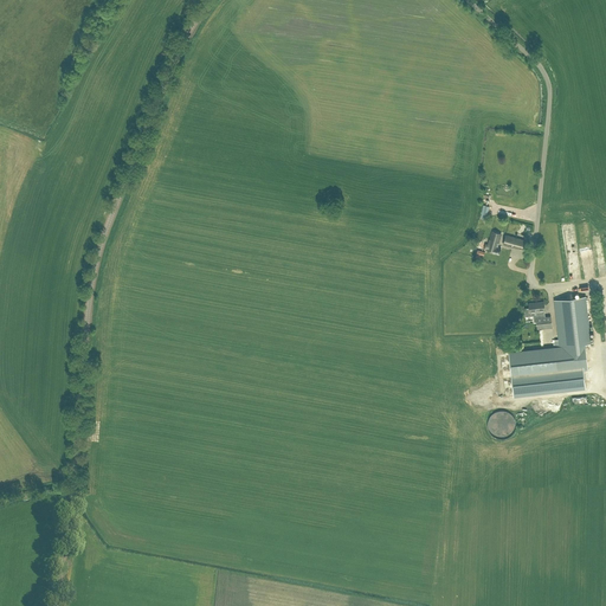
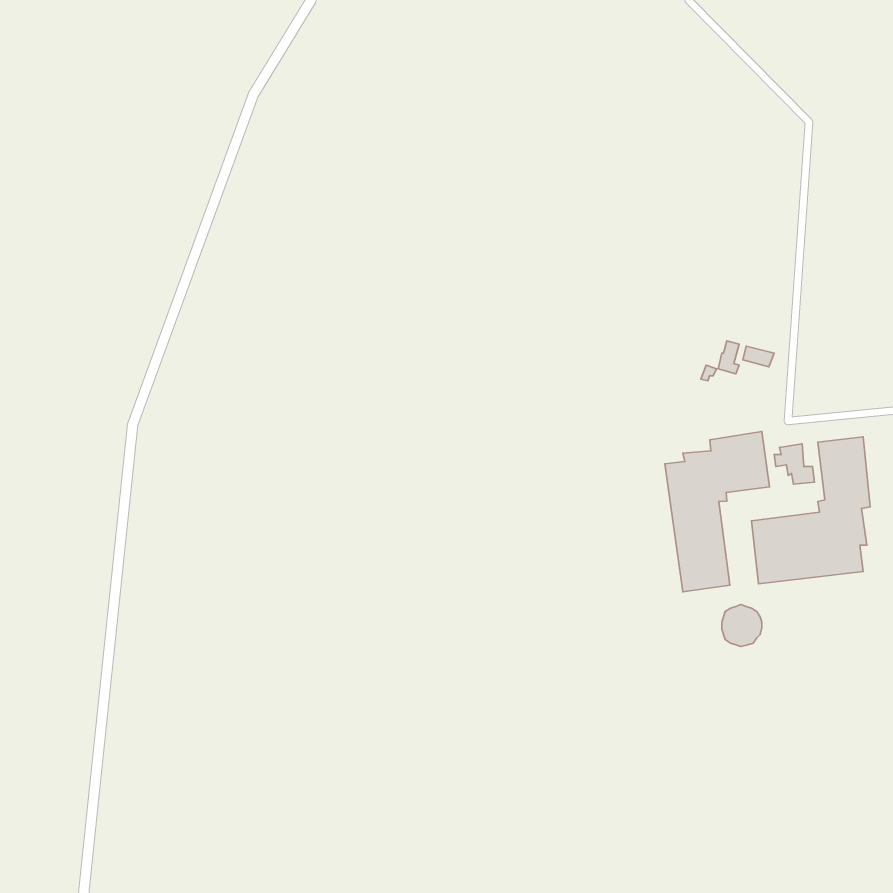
building: none -> [665,432,770,592]

